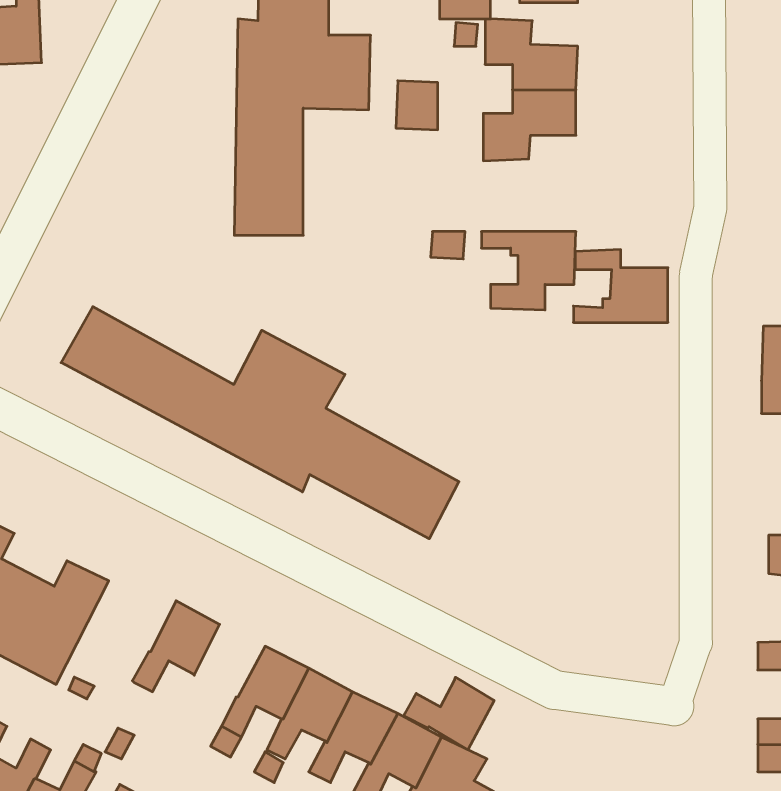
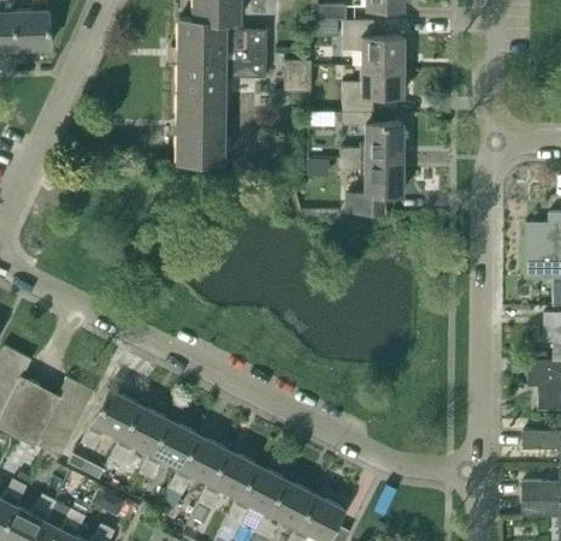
building: [573,250,668,322] -> [341,112,403,160]
building: [61,307,459,539] -> none
building: none -> [81,388,138,450]
building: none -> [138,420,197,480]
building: [404,677,494,750] -> none

